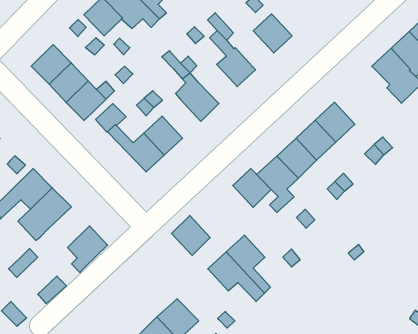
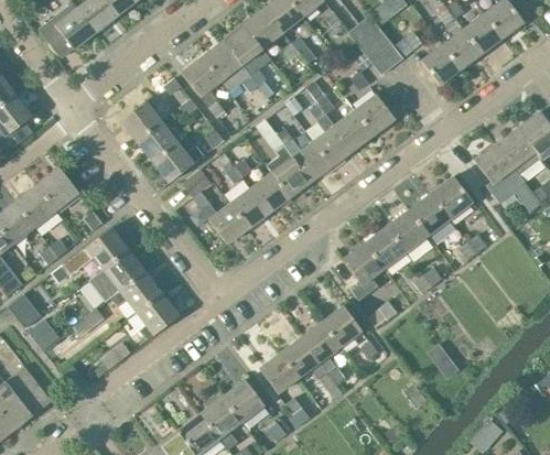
building: none -> [334,109,374,150]
building: none -> [292,140,332,181]
building: none -> [431,176,473,218]
building: none -> [250,172,290,213]
building: [233,169,271,207] -> [322,305,362,346]
building: none -> [110,271,162,313]
building: [172,215,210,255] -> [259,351,299,393]

